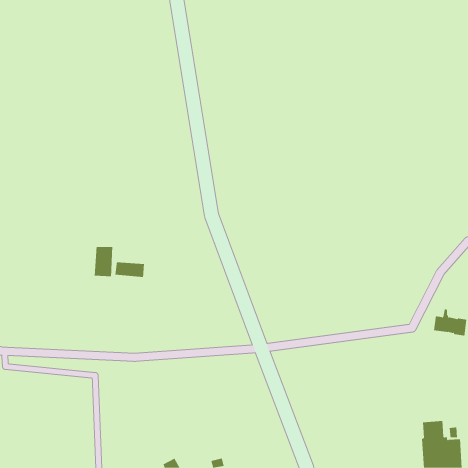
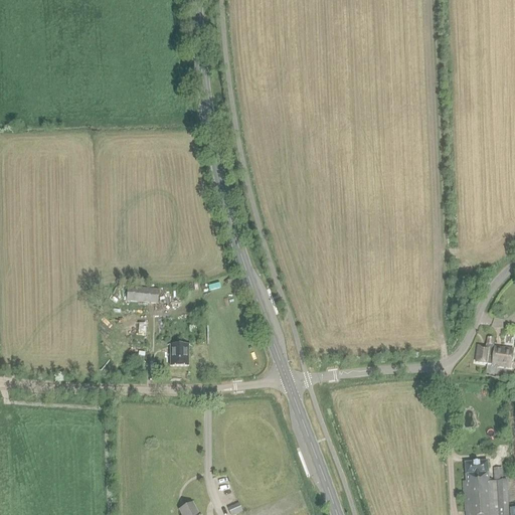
building: [94,246,113,277] -> none
building: none -> [171,346,189,367]

